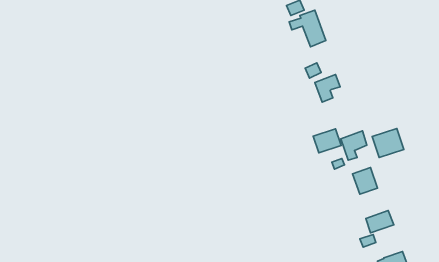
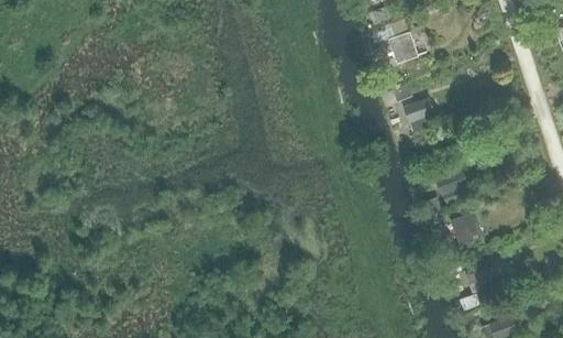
building: [372,128,404,158] -> none
building: [313,129,341,153] -> none

